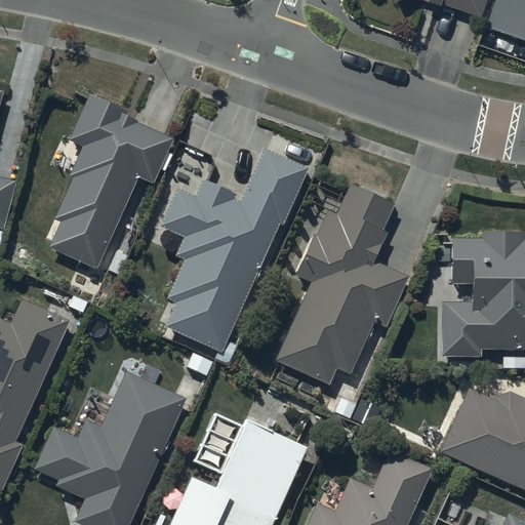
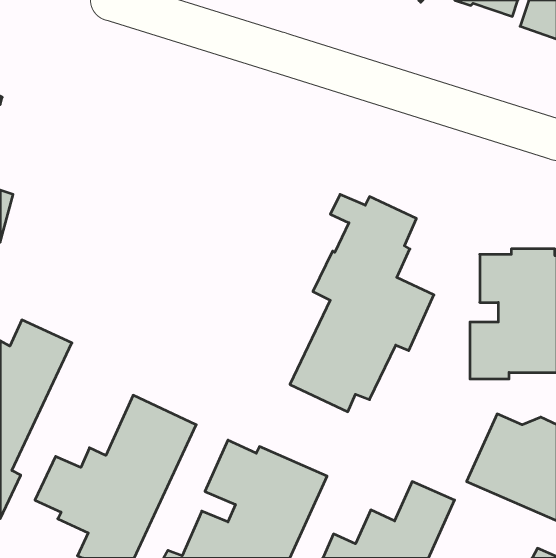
building: [48,96,171,269] -> none
building: [160,148,307,353] -> none

